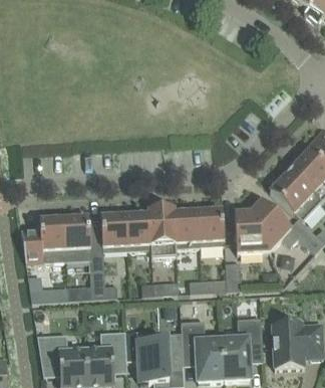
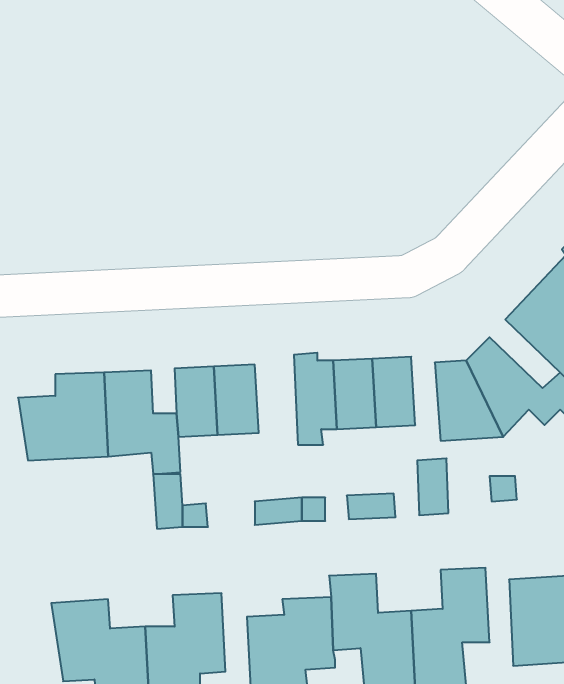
building: [141,208,164,255] -> none
building: [28,275,67,301] -> none

